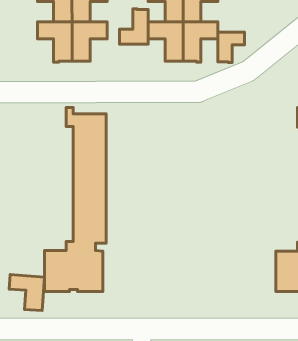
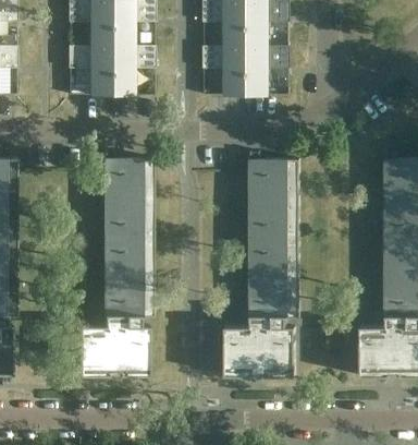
building: [119,9,148,44] -> none
building: [218,32,244,63] -> none
building: none -> [219,152,294,376]
building: [9,275,45,311] -> none

